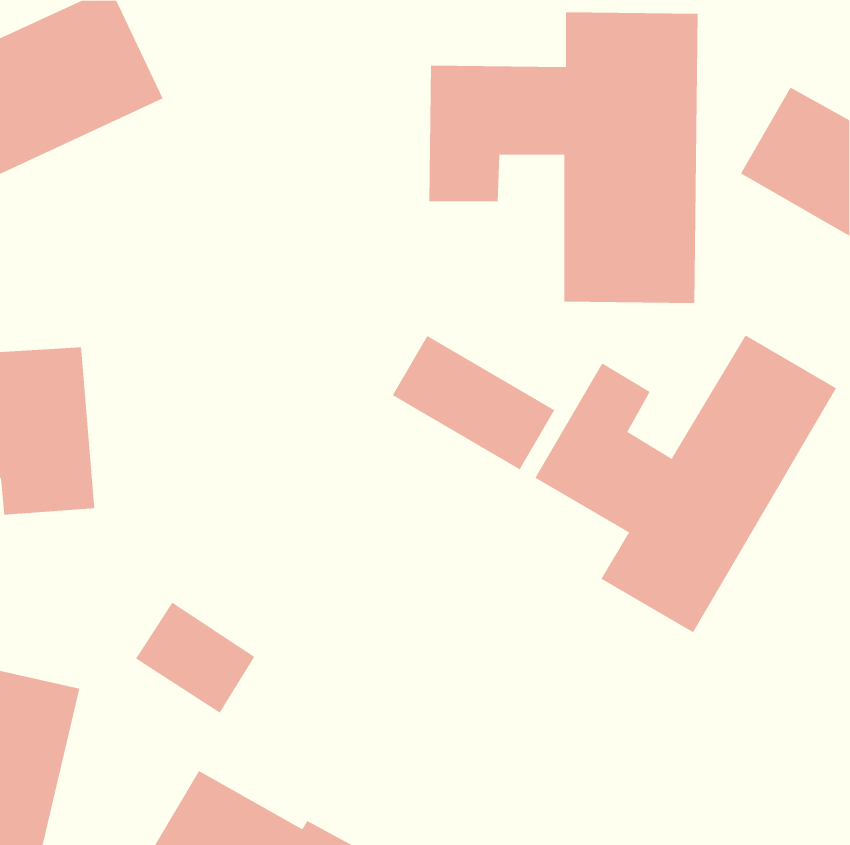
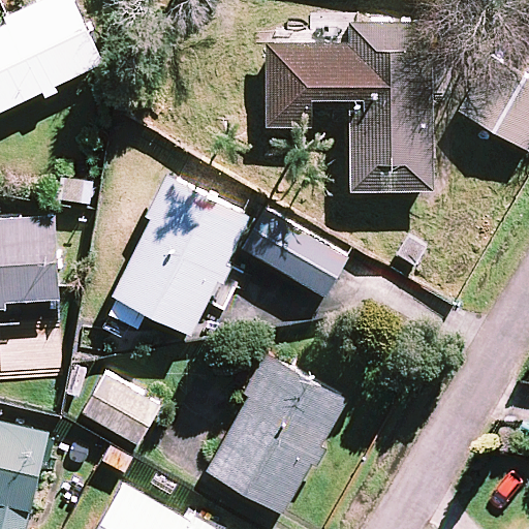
building: none -> [114,181,246,333]
building: [535,334,837,633] -> none
building: none -> [208,359,343,511]

